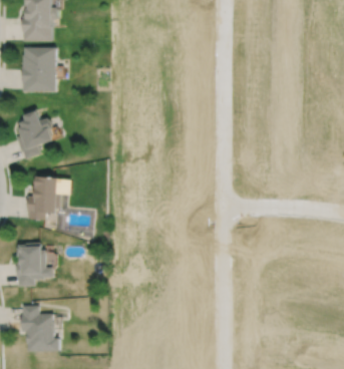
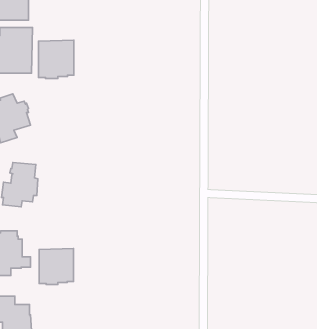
building: none -> [38,40,74,79]
building: none -> [39,249,74,285]

